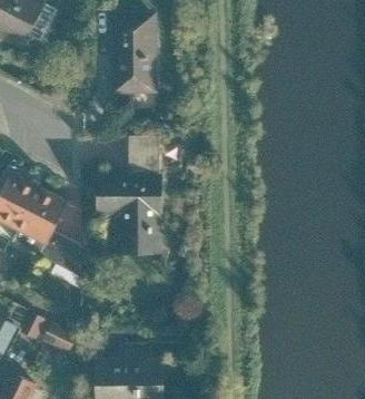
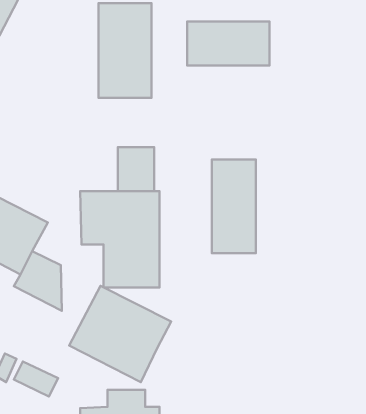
building: none -> [187,22,270,65]
building: none -> [212,159,256,253]
building: none -> [69,286,171,382]

